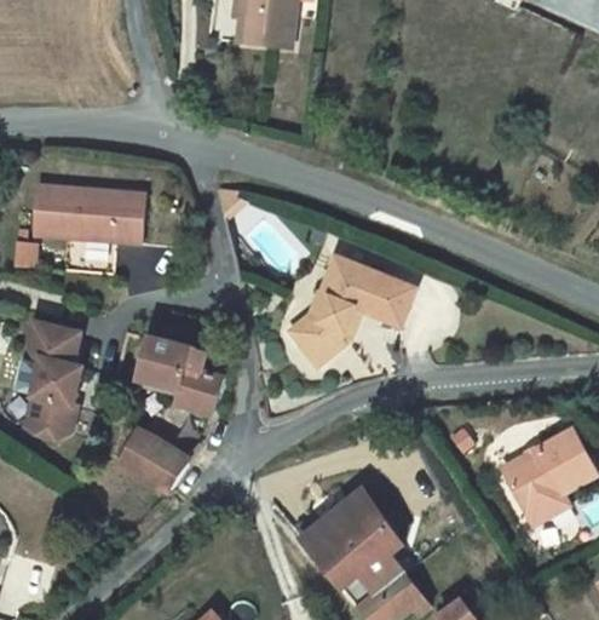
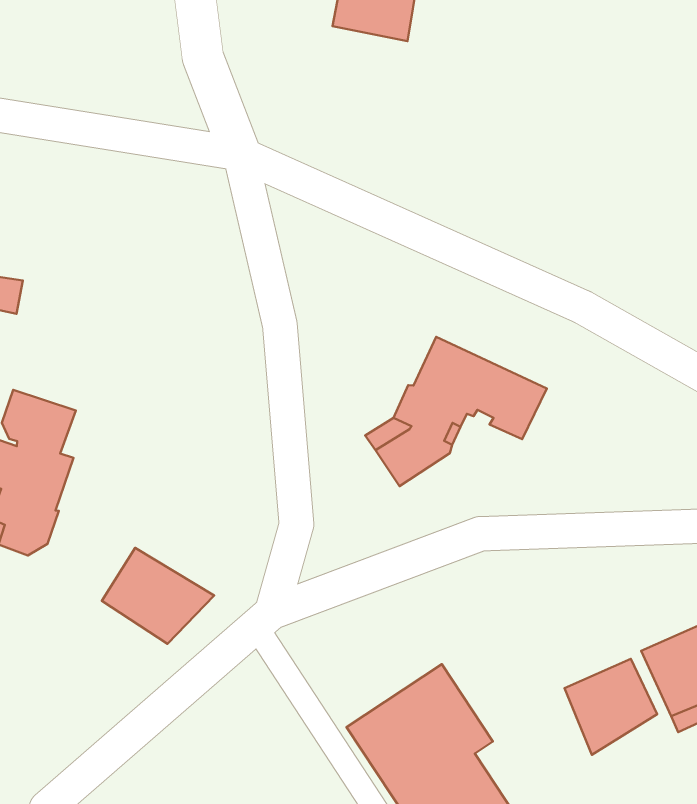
building: [34,185,145,242] -> none
building: [129,332,223,417] -> none
building: none -> [565,659,657,755]

